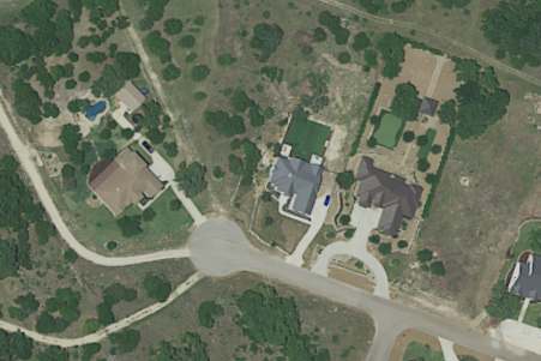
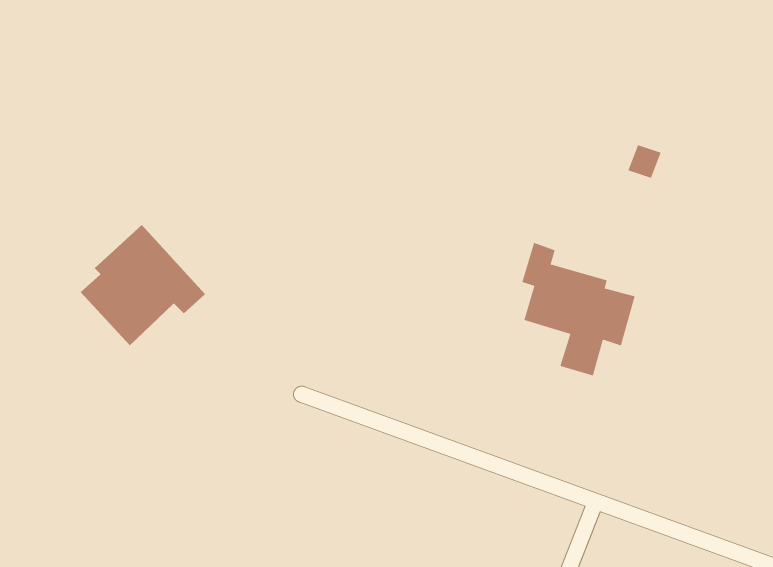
building: [113,78,146,112] -> none
building: [266,154,323,215] -> none

